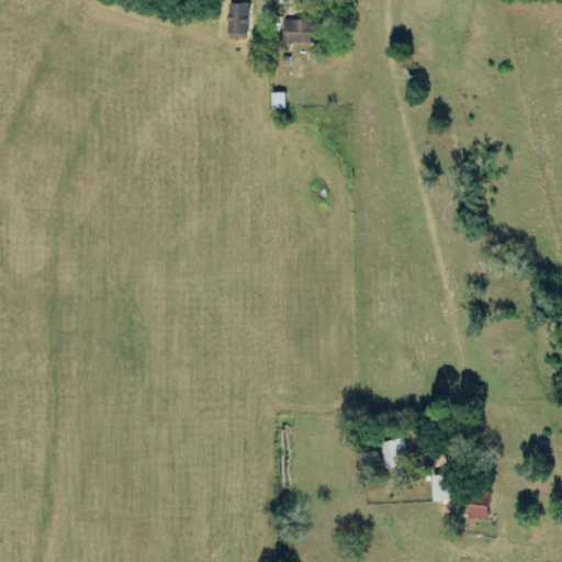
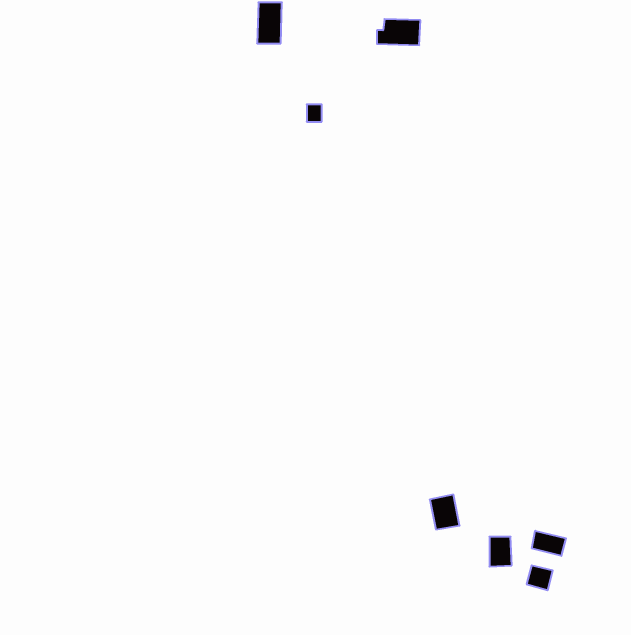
building: [282,20,321,43] -> [377,19,420,45]
building: none -> [532,531,566,556]

